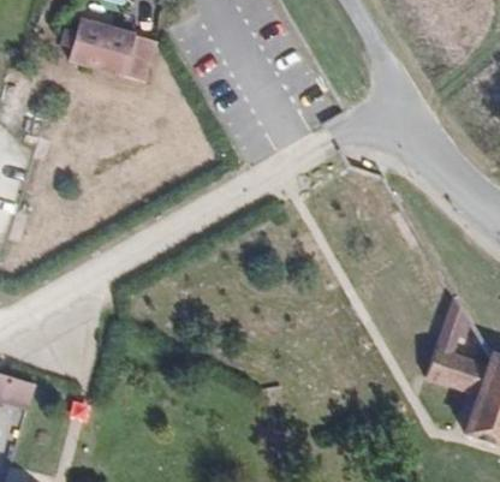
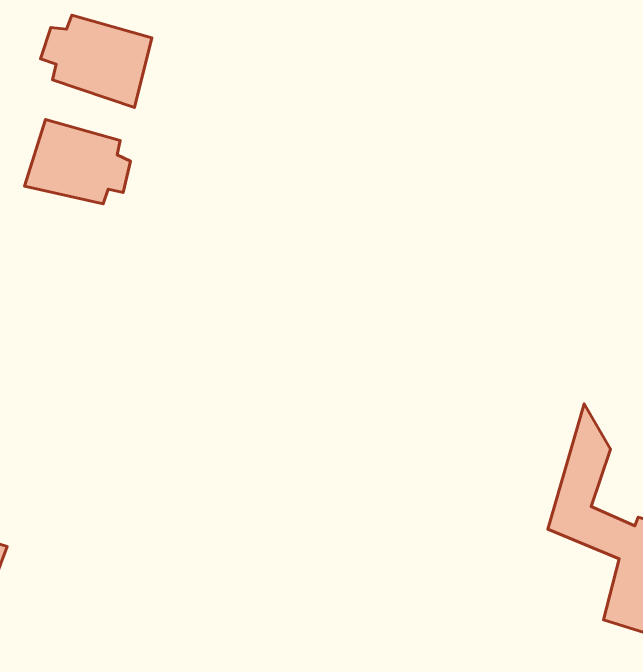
building: none -> [24,120,131,204]

